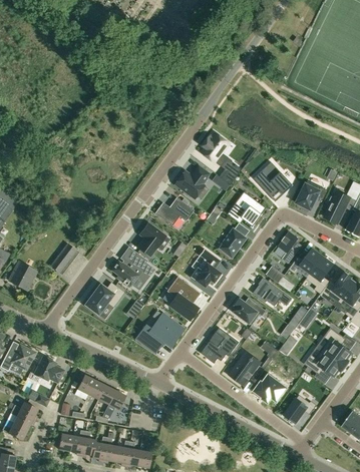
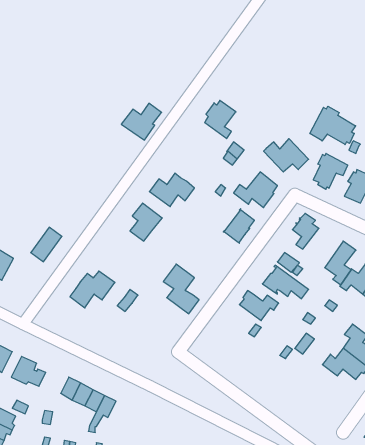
building: none -> [310,106,356,145]
building: [174,165,210,197] -> [121,103,162,140]
building: [191,249,221,287] -> none
building: [289,249,323,279] -> none
building: [110,252,154,287] -> none
building: [136,314,183,351] -> none
building: [201,331,237,363] -> none
building: [230,354,258,384] -> none
building: [254,374,287,402] -> none
building: [285,394,317,422] -> none

